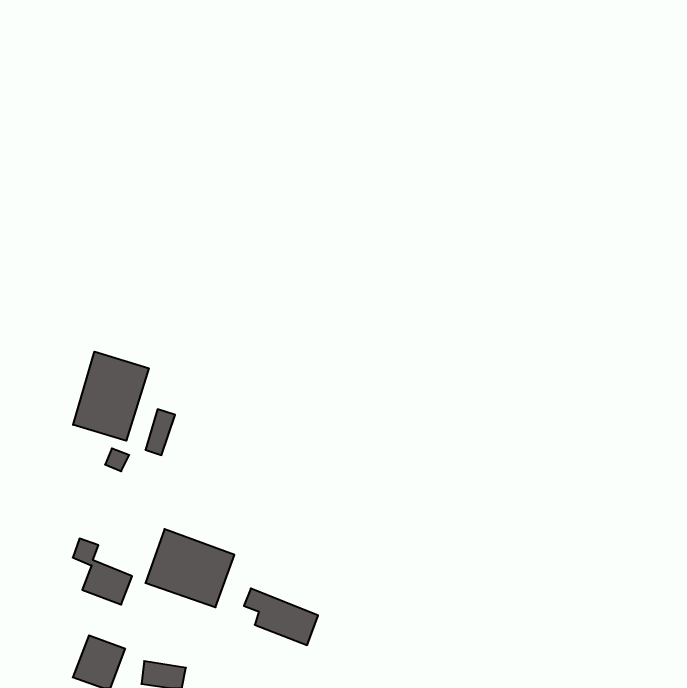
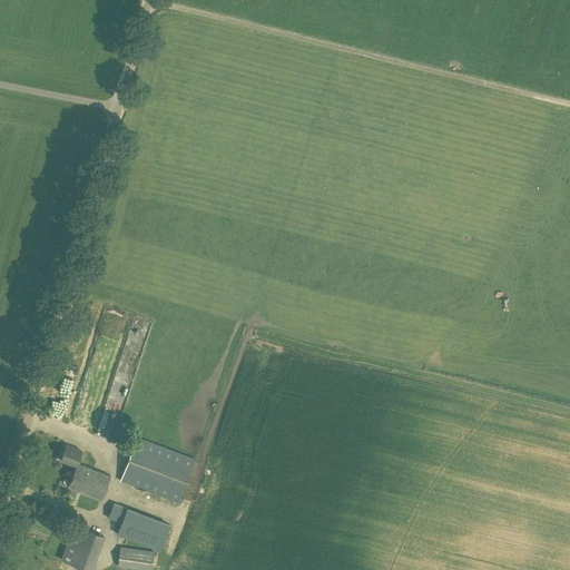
building: [73,352,149,441] -> none
building: [244,588,318,645] -> [108,504,169,551]

